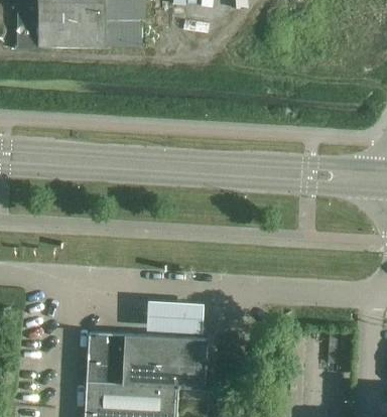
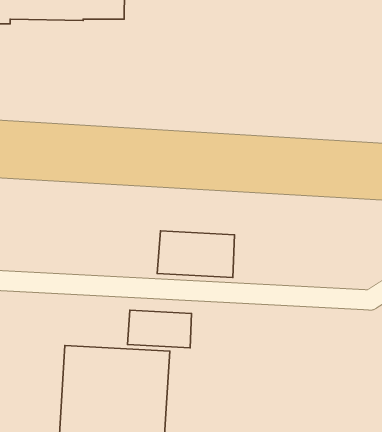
building: none -> [157,231,235,278]
building: [179,338,210,390] -> none

